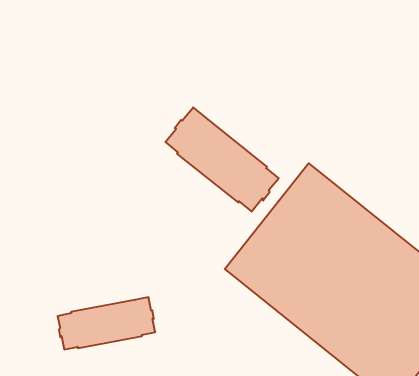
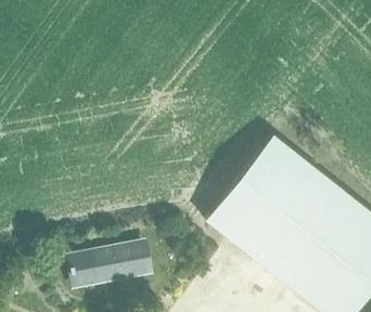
building: [165,107,279,212] -> none

